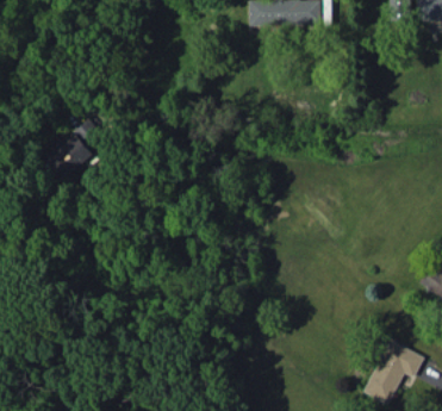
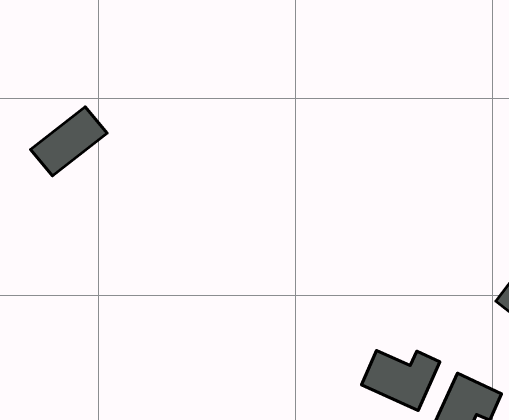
building: none -> [362,350,440,410]

